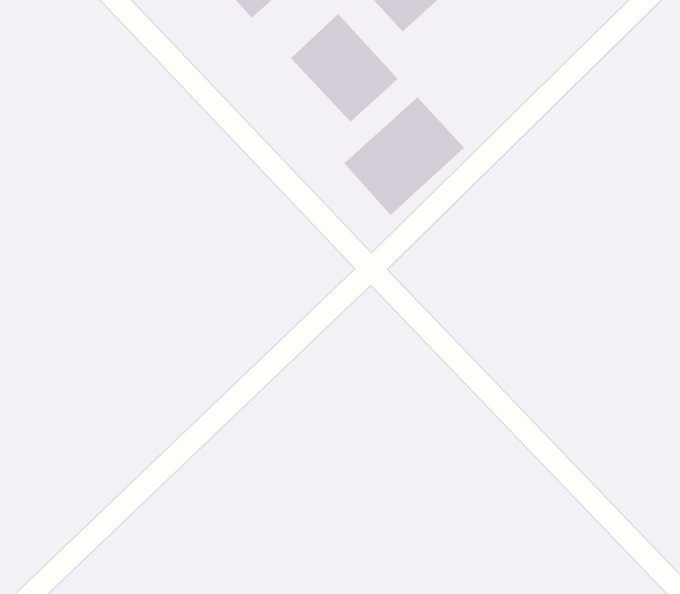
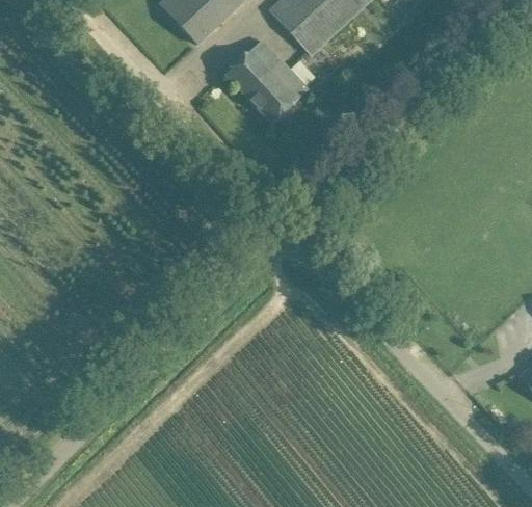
building: [343,96,465,216] -> none

